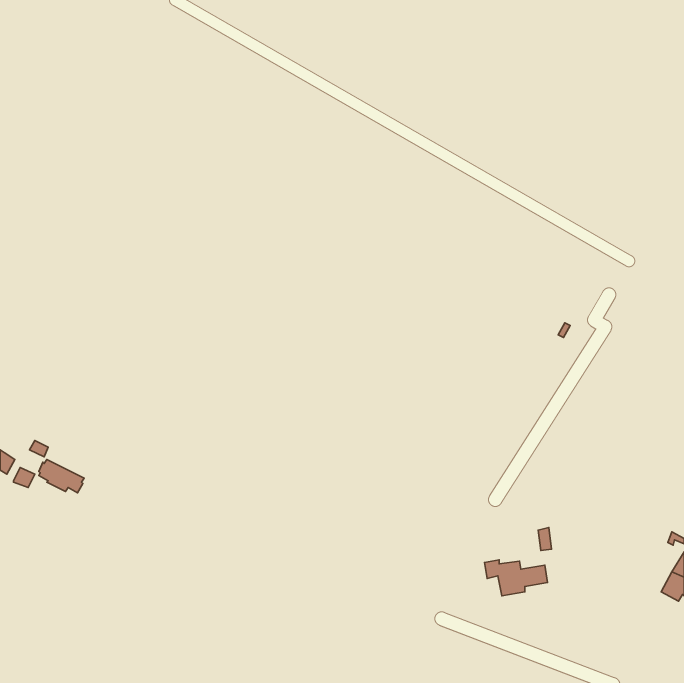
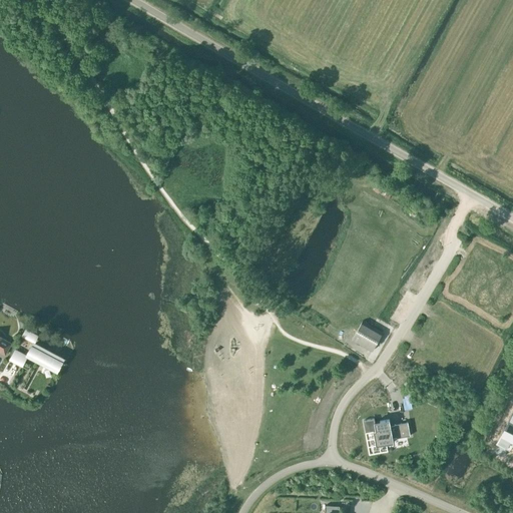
building: none -> [352,322,383,352]

